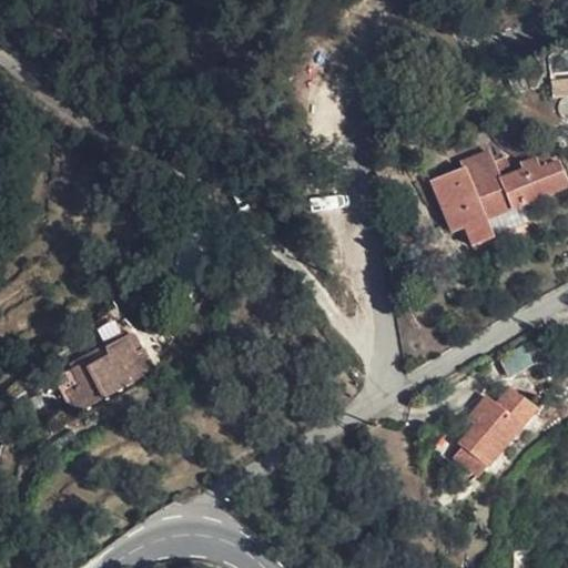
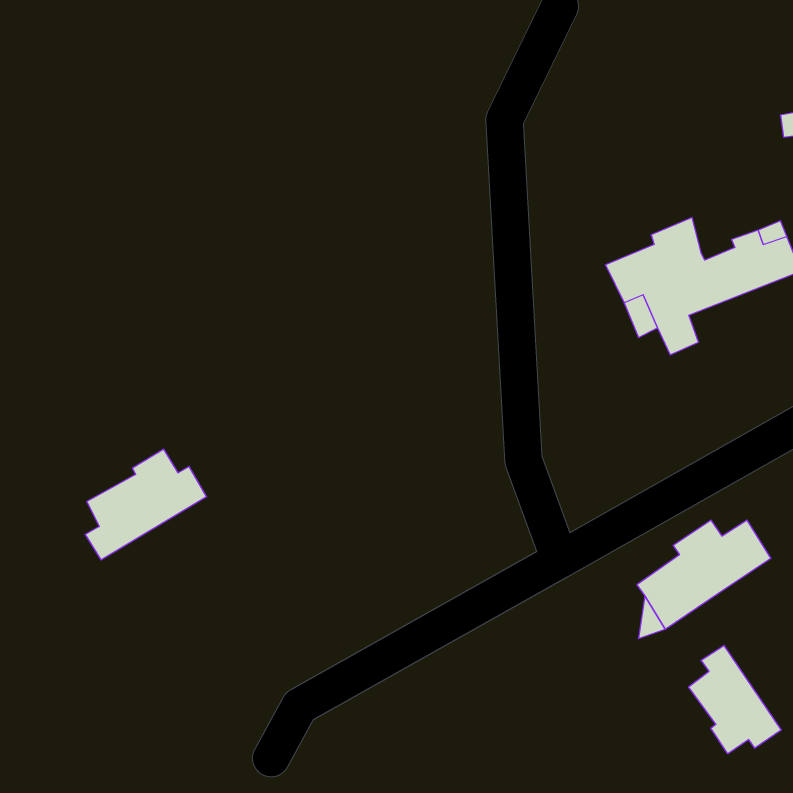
building: none -> [689,645,781,754]

